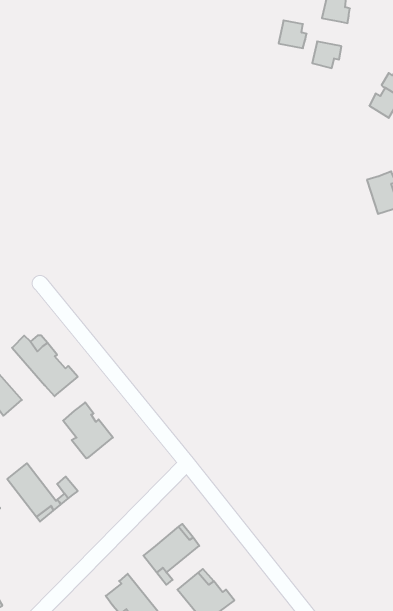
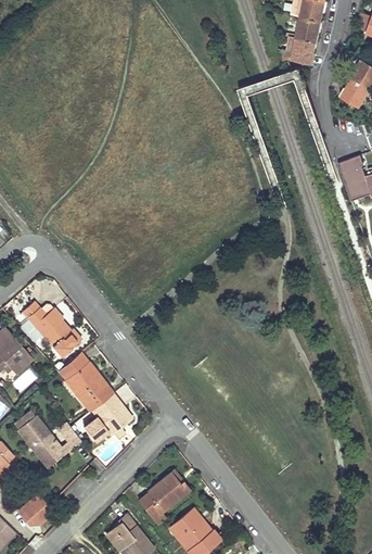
building: [279,20,307,48] -> [295,17,320,42]
building: none -> [59,351,88,394]
building: none -> [84,392,132,440]
building: none -> [18,493,53,524]

